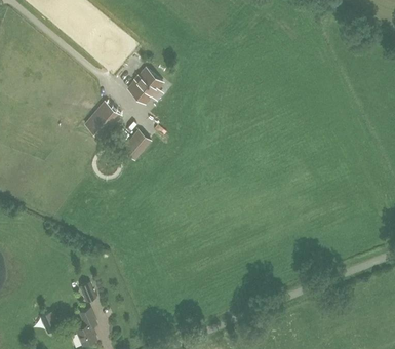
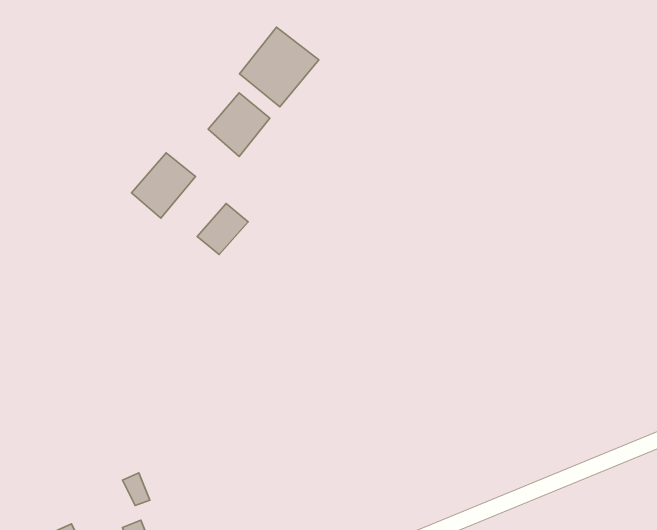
building: none -> [240,27,319,107]

